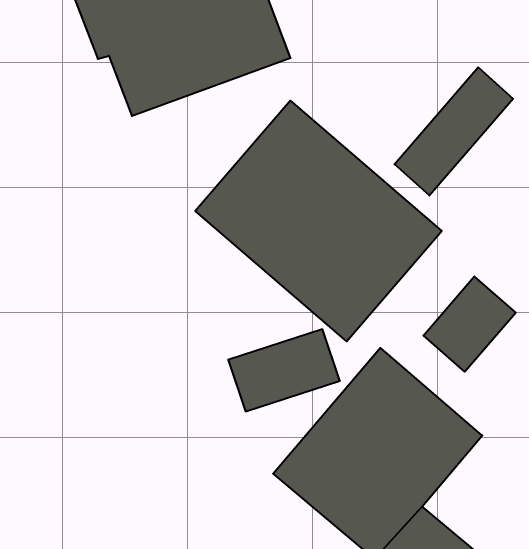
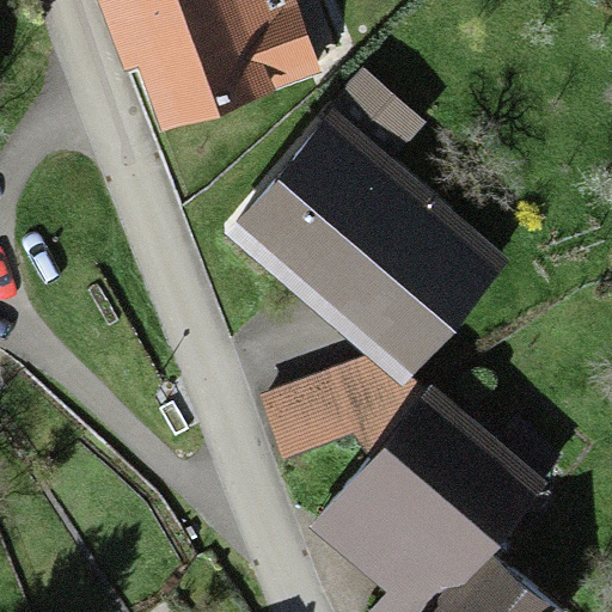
building: [394,67,513,196] -> none
building: [423,276,516,372] -> none

